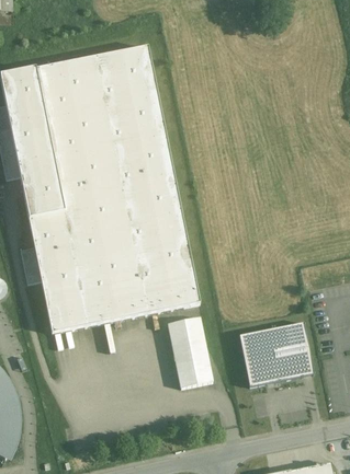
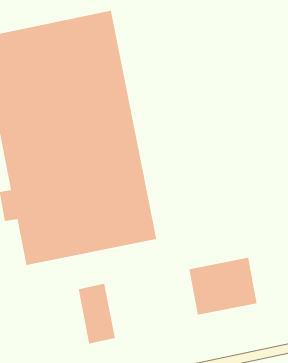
building: [168,317,211,386] -> [78,283,116,344]

